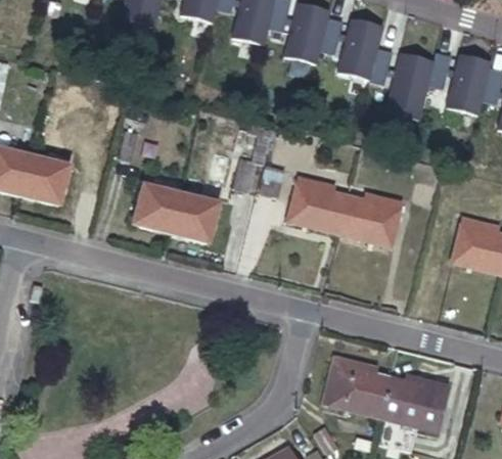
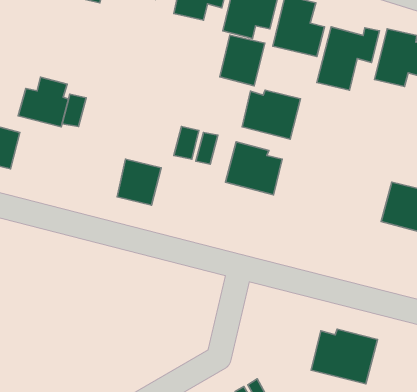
building: none -> [220,35,265,86]
building: none -> [18,77,69,127]
building: [130,182,181,233] -> none
building: [338,192,401,244] -> [242,90,301,139]
building: [323,356,389,418] -> none

